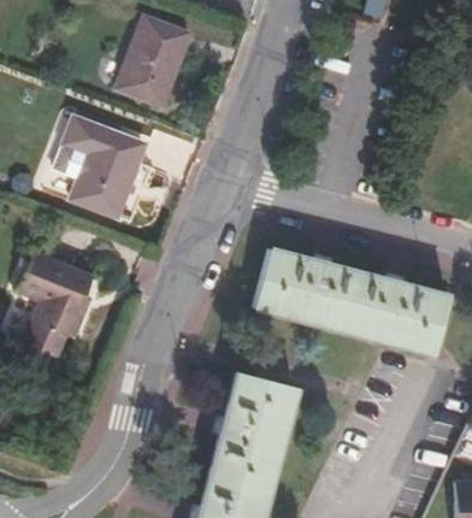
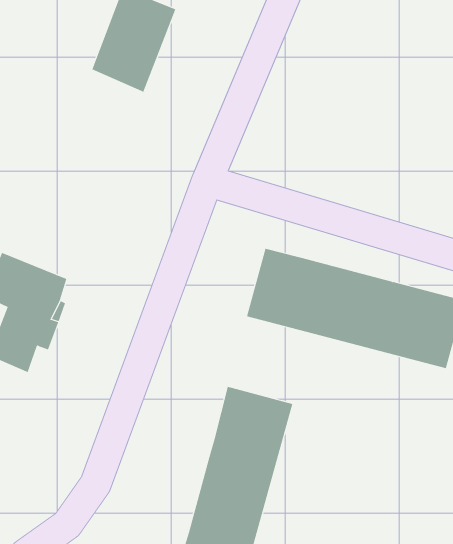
building: [53,116,147,218] -> none

